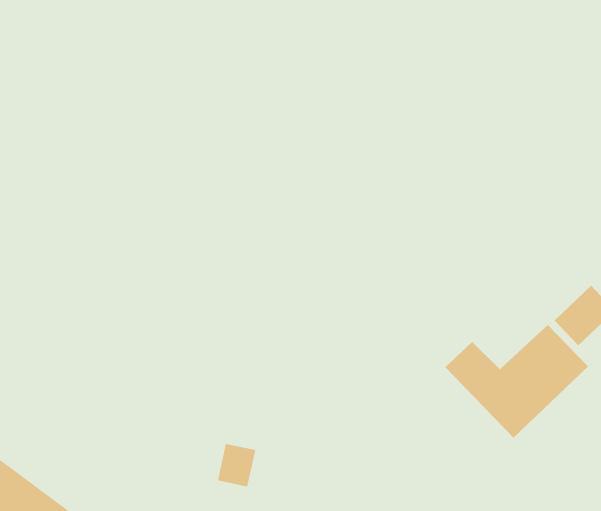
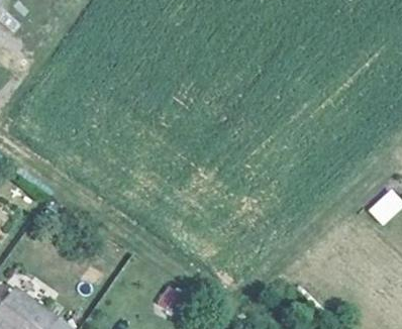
building: [444,324,589,438] -> none

